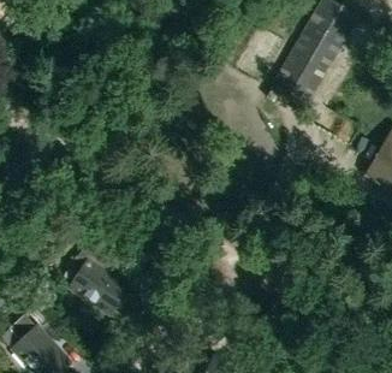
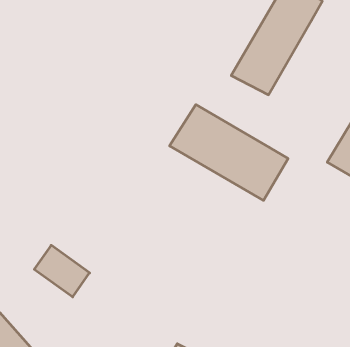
building: none -> [170,105,288,200]

